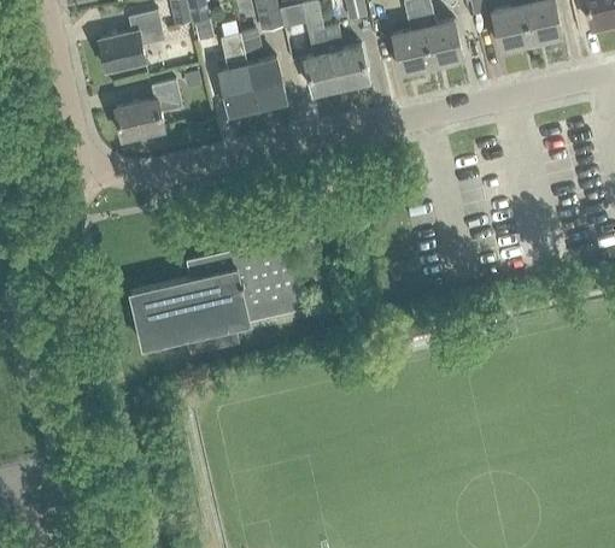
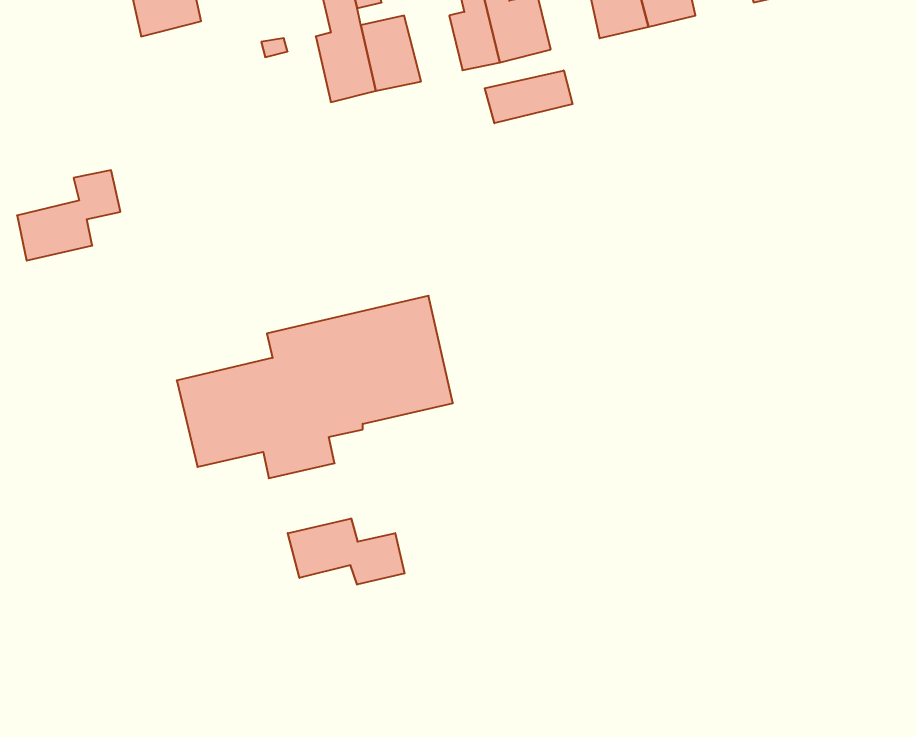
building: [115,81,181,139] -> [17,170,120,261]
building: none -> [485,70,573,123]
building: none -> [288,518,405,585]

